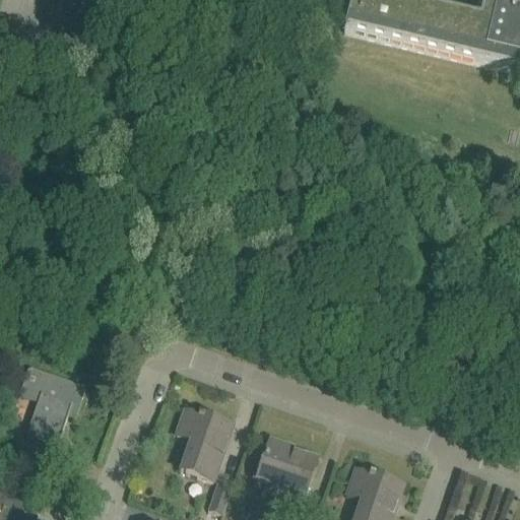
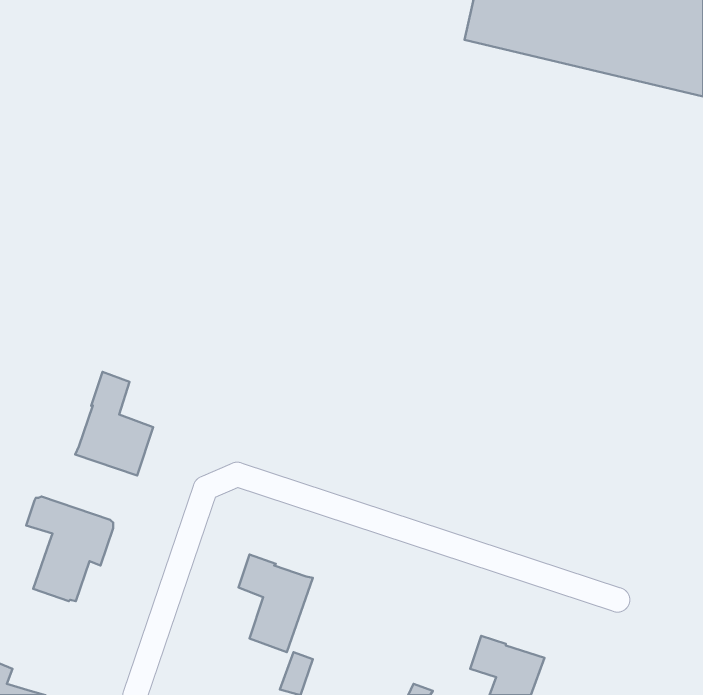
building: none -> [75,372,153,476]
building: [257,438,315,503] -> none

